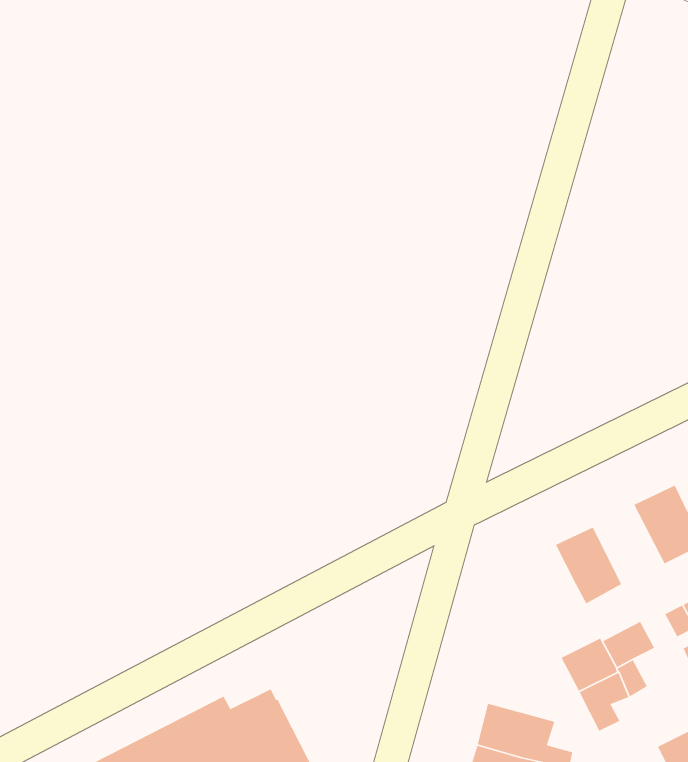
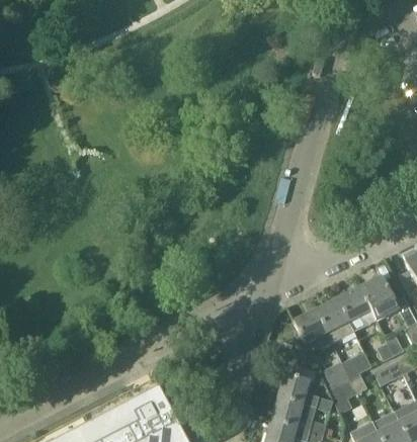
building: none -> [337,286,377,322]
building: none -> [294,308,333,348]
building: none -> [278,365,333,411]

